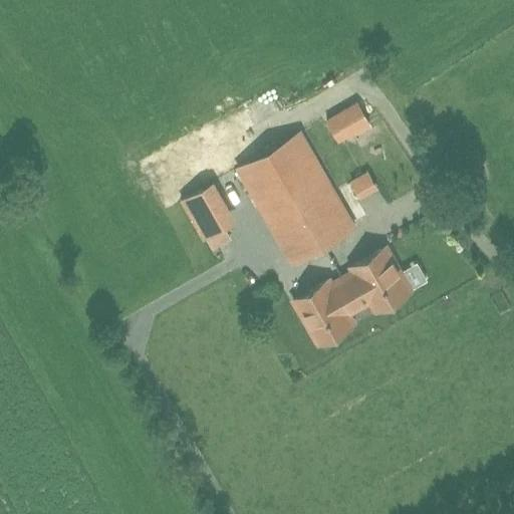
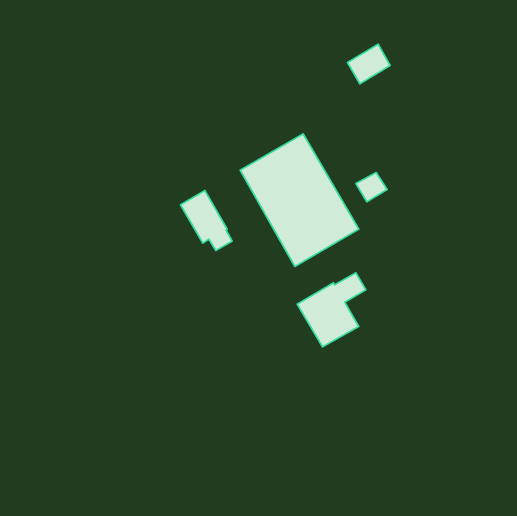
building: [328,104,370,144] -> [348,44,390,84]
building: [342,249,414,317] -> none

